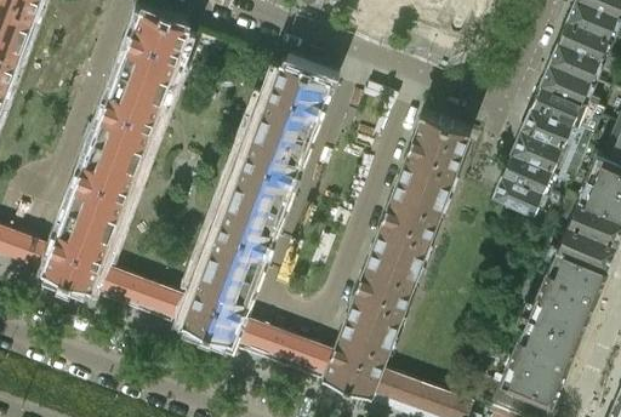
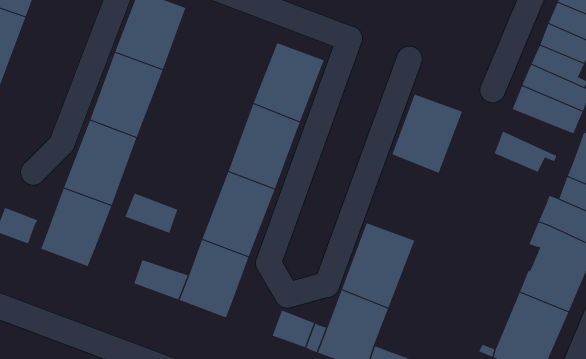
building: [512,127,585,177] -> none
building: [494,172,559,213] -> none
building: [374,173,448,261] -> none
building: [91,263,146,304] -> [125,193,178,234]
building: [232,314,287,358] -> none

